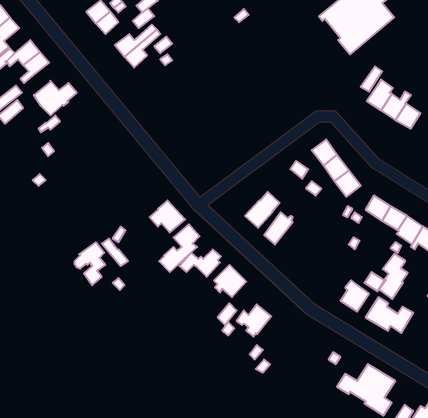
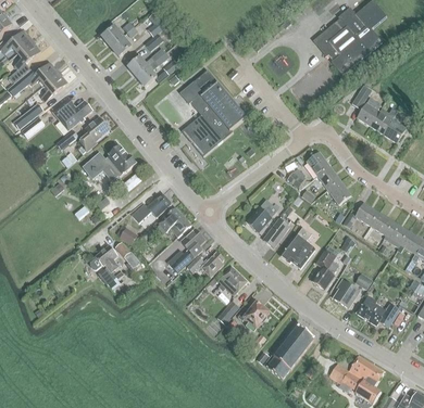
building: none -> [179,69,247,155]
building: none -> [79,116,109,151]
building: none -> [82,144,136,179]
building: none -> [132,193,171,221]
building: none -> [279,227,315,267]
building: [379,254,408,299] -> [312,247,338,289]
building: none -> [264,323,314,378]

